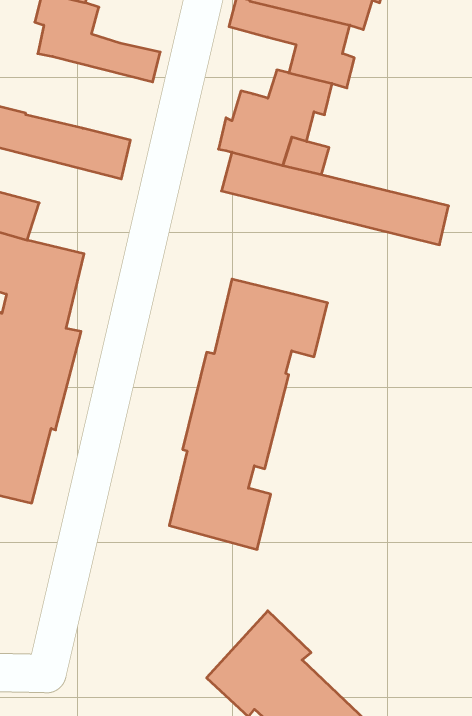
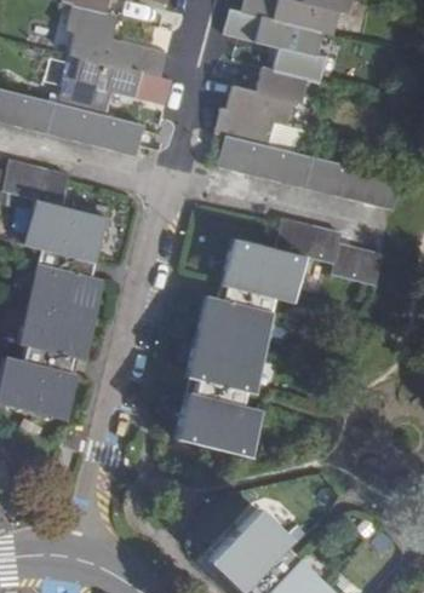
building: none -> [59,57,173,115]
building: none -> [276,218,384,286]

